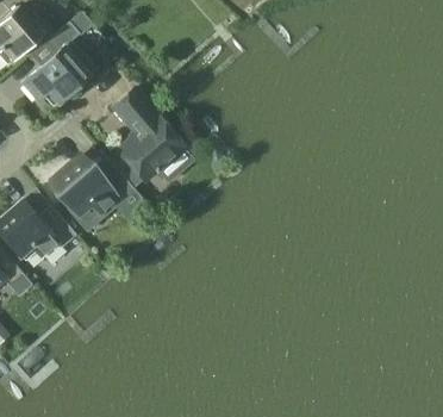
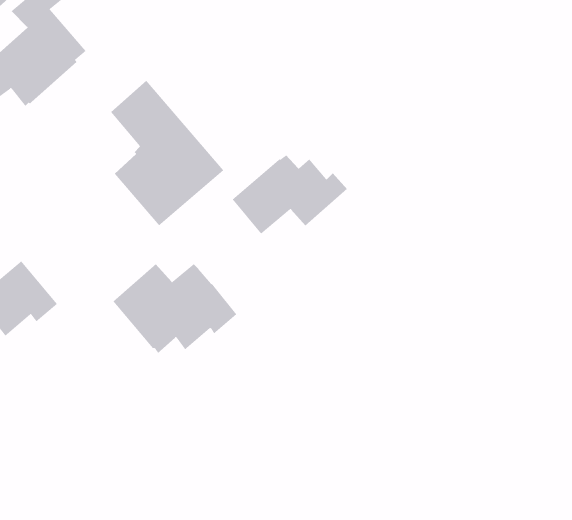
building: none -> [232,154,348,234]
building: [52,156,135,216] -> [112,264,237,354]

